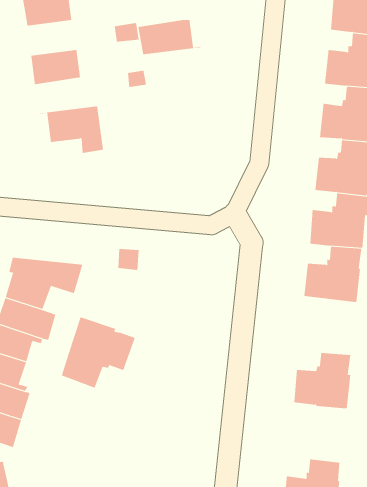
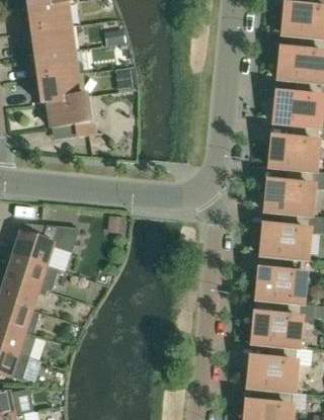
building: [138,19,201,55] -> [38,74,91,103]
building: none -> [32,26,74,56]
building: none -> [253,257,305,304]
building: [61,317,136,388] -> none
building: none -> [248,346,297,393]

